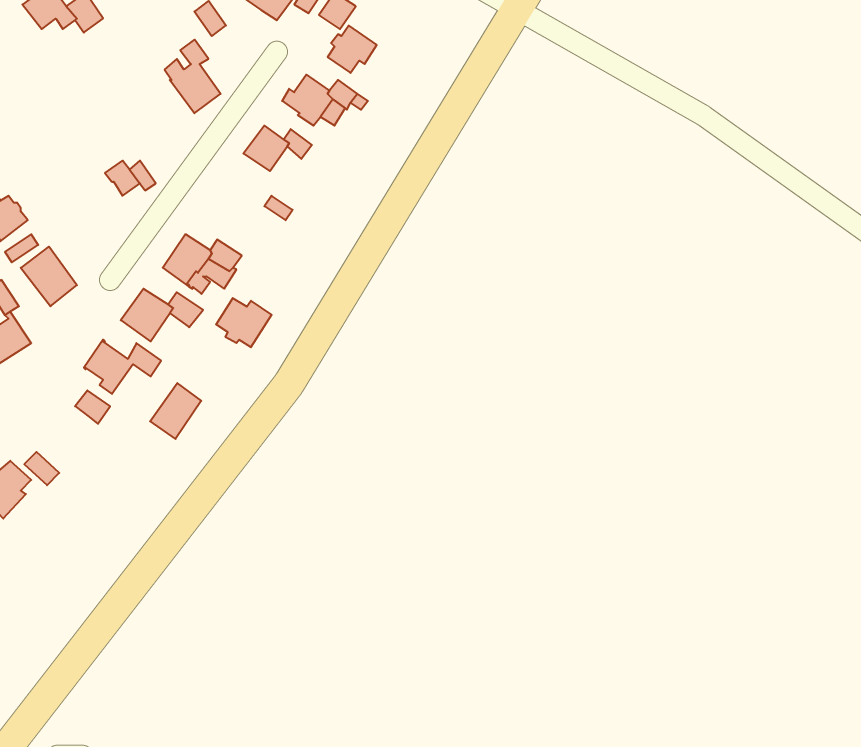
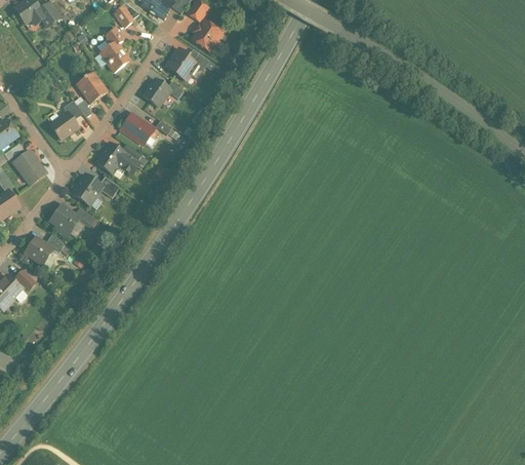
building: none -> [75,72,107,104]
building: none -> [49,112,77,140]
building: none -> [119,112,154,145]
building: [216,298,272,347] -> none
building: [150,383,201,439] -> none
building: none -> [24,237,52,265]

